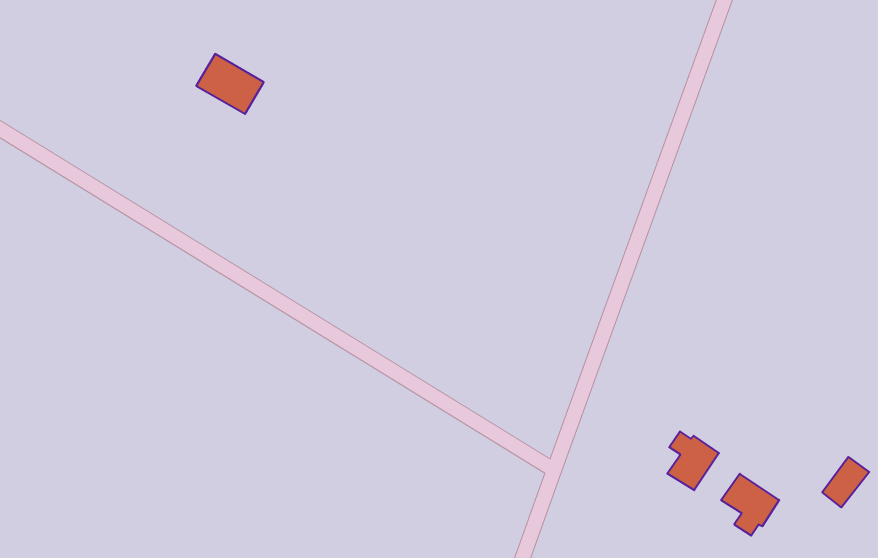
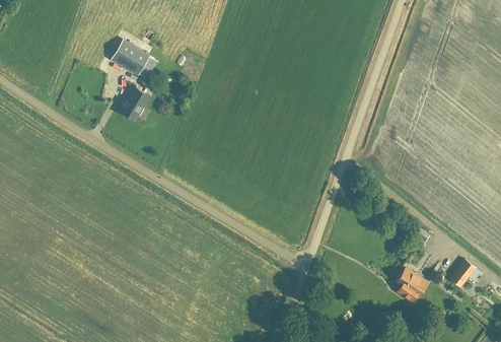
building: none -> [120,87,150,121]
building: [667,431,719,490] -> none

